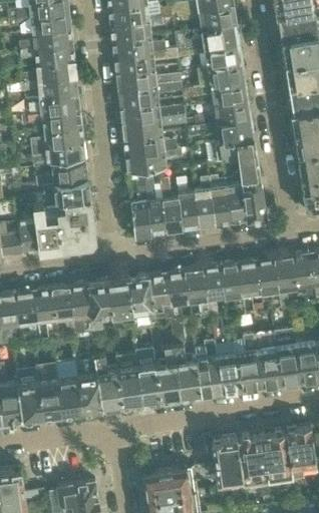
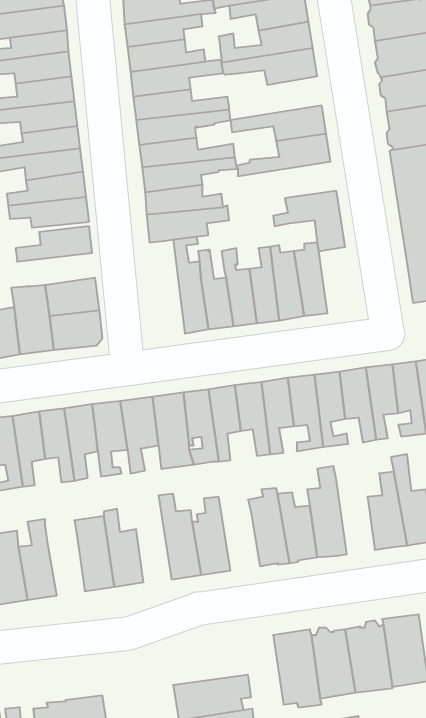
building: [181,60,244,90] -> none
building: [187,118,254,143] -> none
building: [130,171,150,237] -> none
building: [242,176,266,221] -> none
building: [36,180,89,203] -> none
building: [170,322,202,397] -> none
building: [254,335,280,386] -> none
building: [117,352,141,405] -> none
building: [55,363,82,414] -> none

